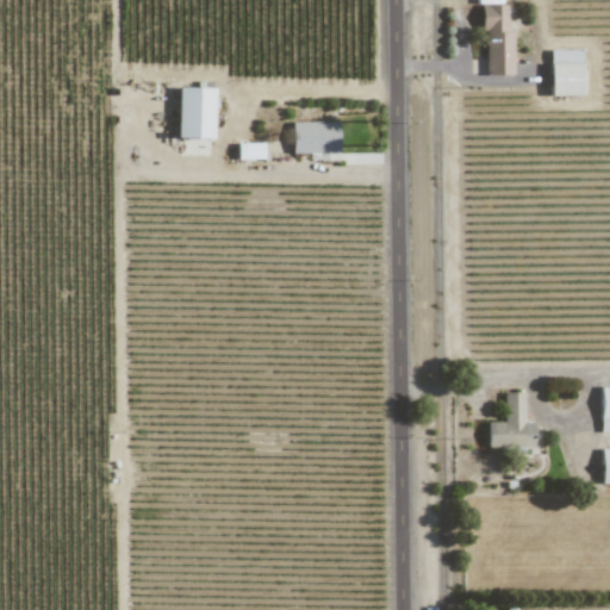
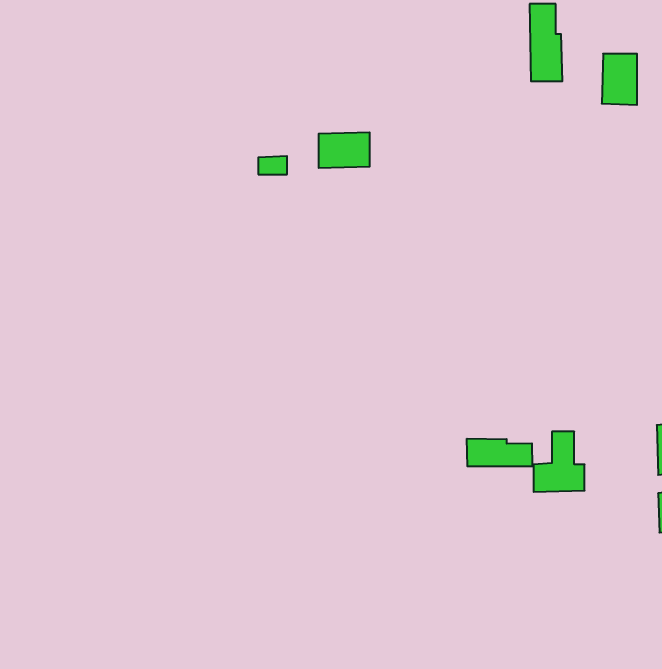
building: [181,88,218,139] -> none
building: none -> [467,439,532,466]

